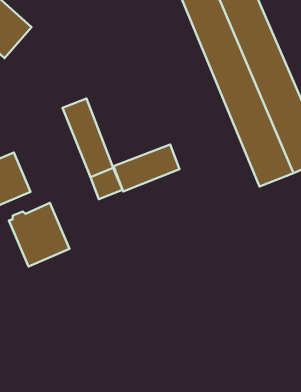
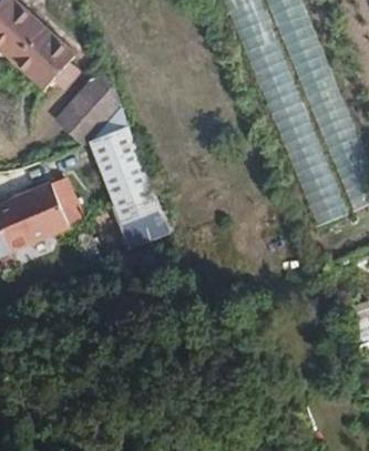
building: none -> [54,64,116,139]
building: [113,145,180,192] -> none
building: [9,203,70,266] -> none

